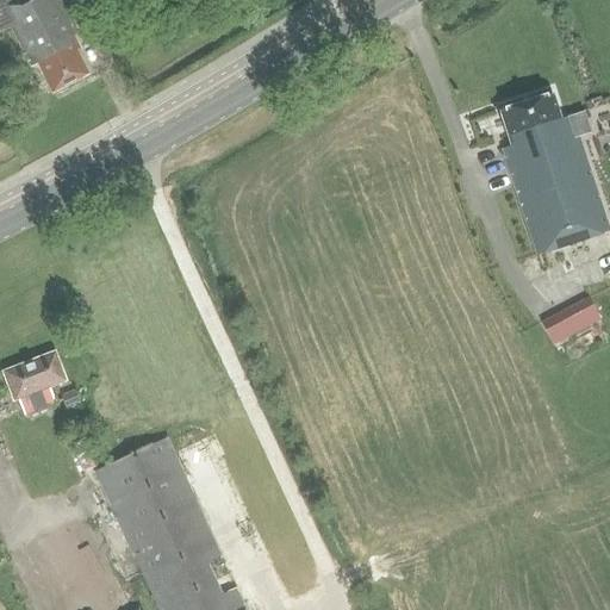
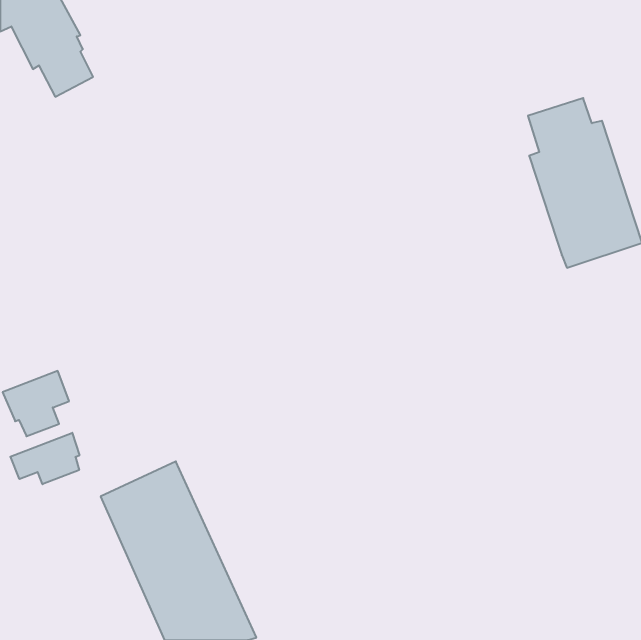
building: [541,300,599,341] -> none
building: none -> [10,433,79,484]

